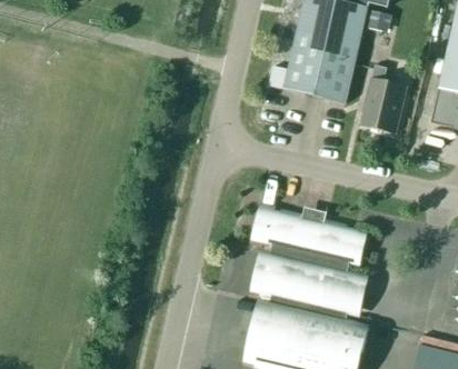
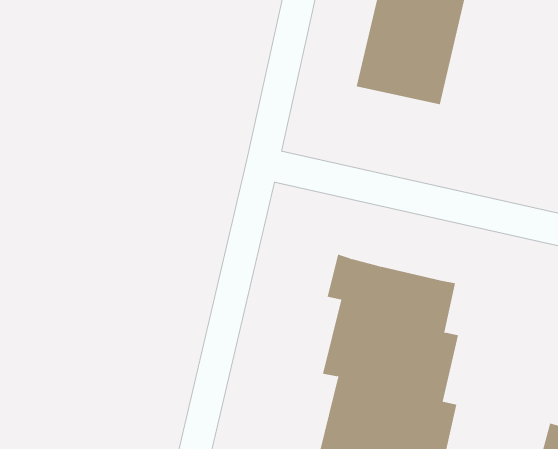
building: [360,63,406,132] -> none

